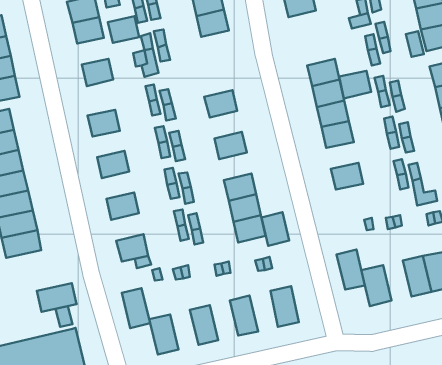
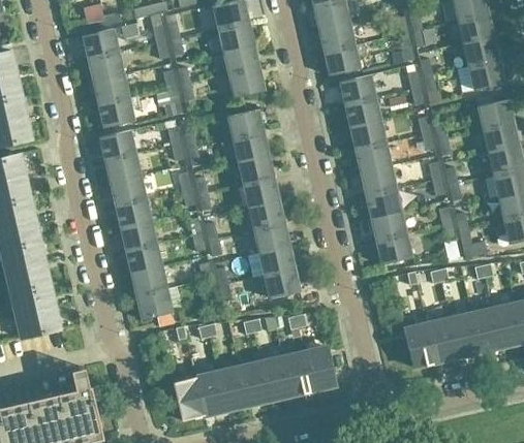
building: none -> [323,42,366,74]
building: [108,16,139,43] -> [93,74,127,103]
building: none -> [228,66,264,96]
building: none -> [226,108,263,138]
building: [339,71,371,98] -> [339,74,374,104]
building: none -> [99,129,134,159]
building: none -> [238,154,273,184]
building: none -> [110,176,145,204]
building: none -> [365,188,400,217]
building: none -> [248,199,283,229]
building: none -> [120,220,155,250]
building: none -> [375,233,411,263]
building: [261,212,289,246] -> none
building: none -> [130,265,165,295]
building: [337,250,365,289] -> [427,317,458,360]
building: [37,283,77,312] -> [16,306,59,337]
building: [122,288,150,328] -> [194,371,225,414]
building: none -> [281,350,312,394]
building: none -> [238,360,269,404]

